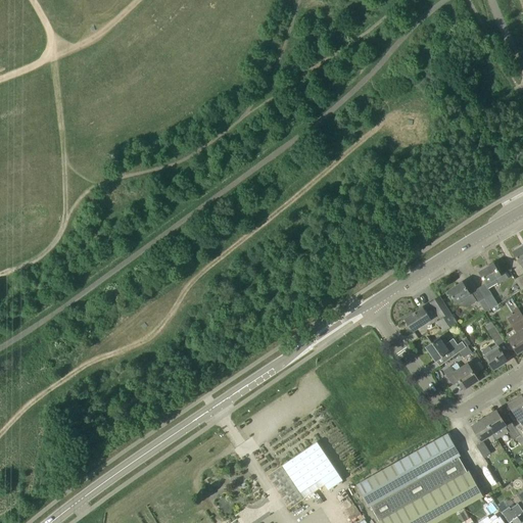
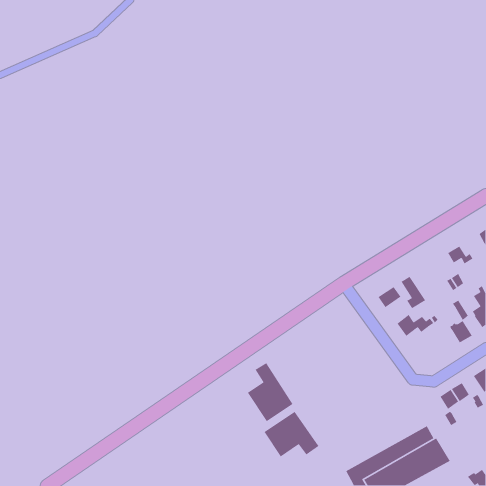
building: [448,282,477,307] -> none
building: [445,364,478,389] -> none
building: none -> [247,362,294,422]
building: [356,433,461,507] -> none

